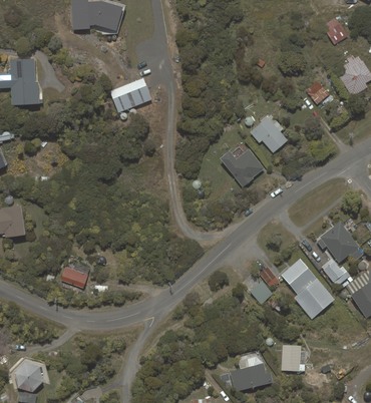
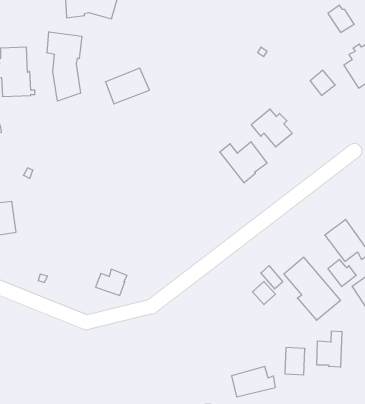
building: none -> [47,32,82,101]
building: [60,263,90,288] -> [96,269,127,296]
building: none -> [317,331,342,367]
building: [15,363,43,392] -> none

